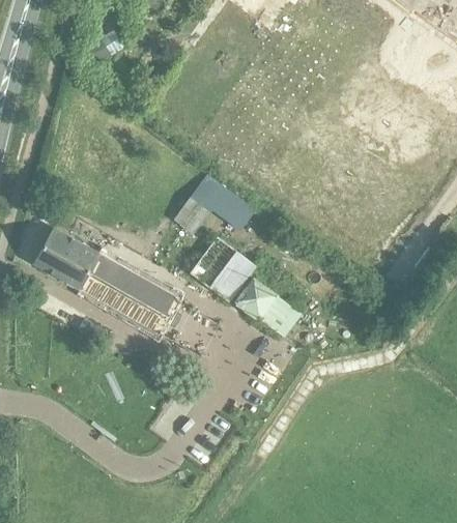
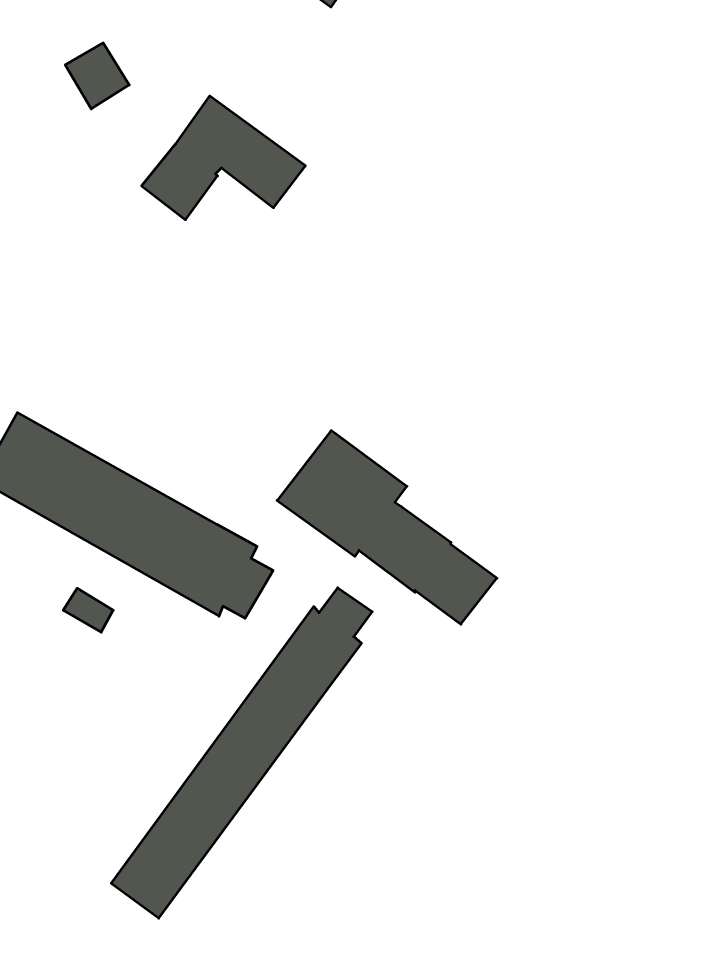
building: [170,171,255,235] -> [142,96,305,220]
building: none -> [111,588,372,918]

